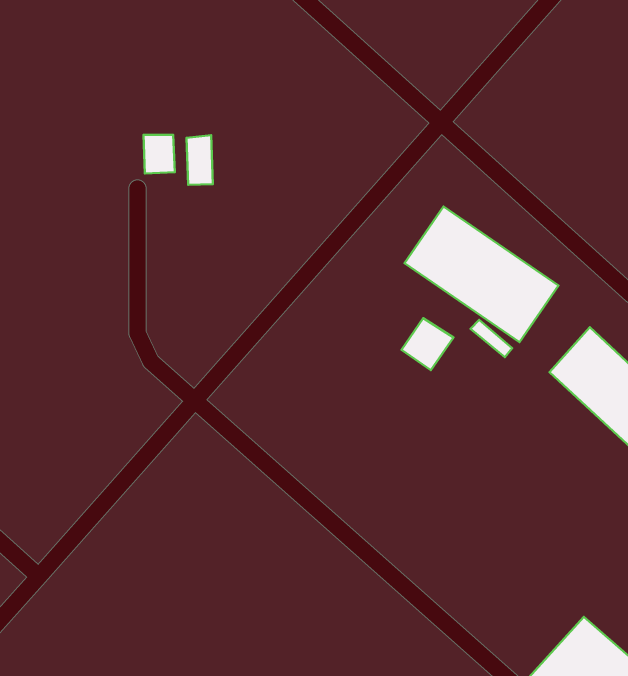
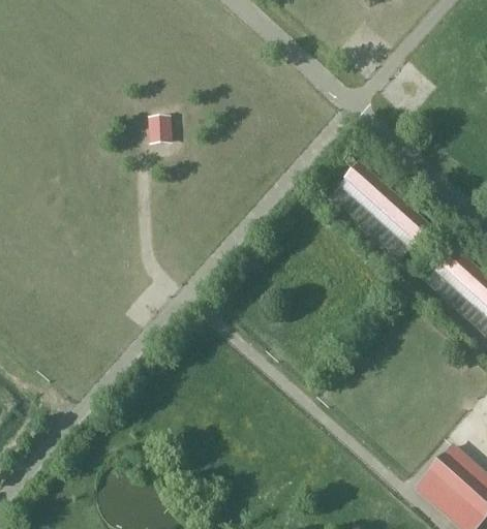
building: [187,135,213,185] -> none
building: [401,318,453,370] -> none

